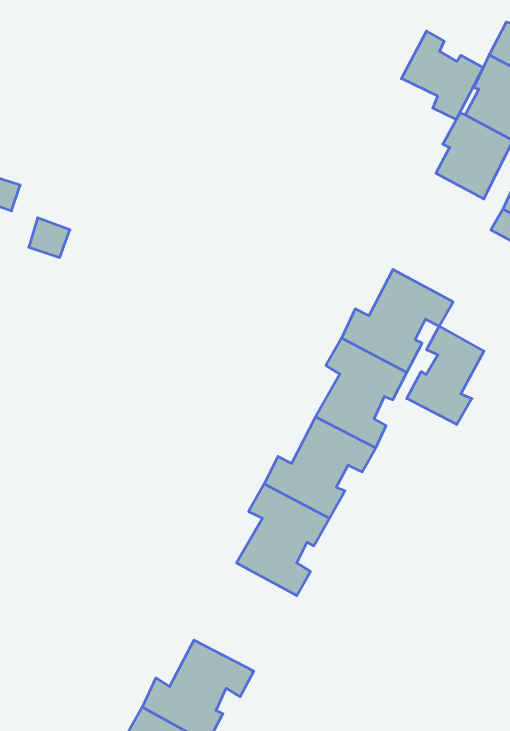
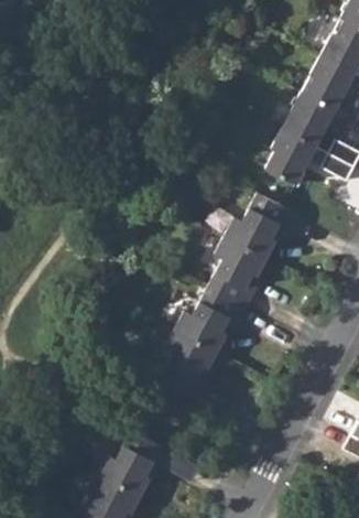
building: [401,31,483,119] -> none
building: none -> [265,128,317,185]
building: [407,326,484,424] -> none

